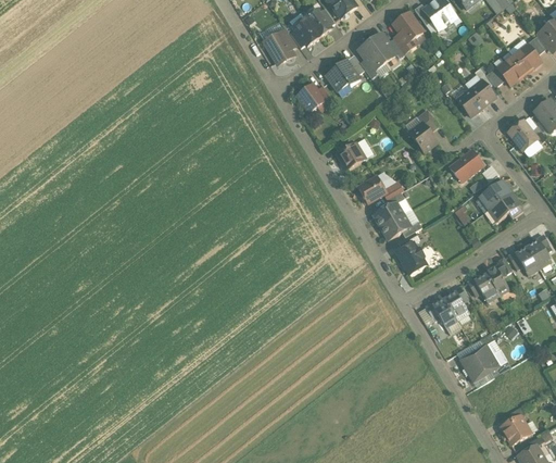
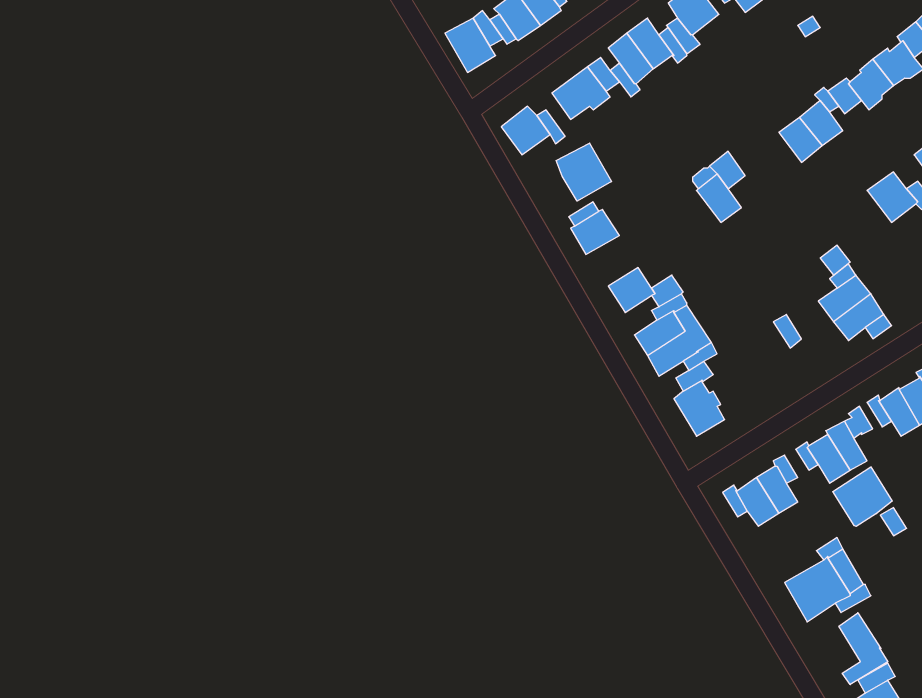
building: none -> [556,143,612,201]
building: [450,149,483,180] -> none
building: none -> [833,467,892,526]
building: none -> [839,613,888,685]

